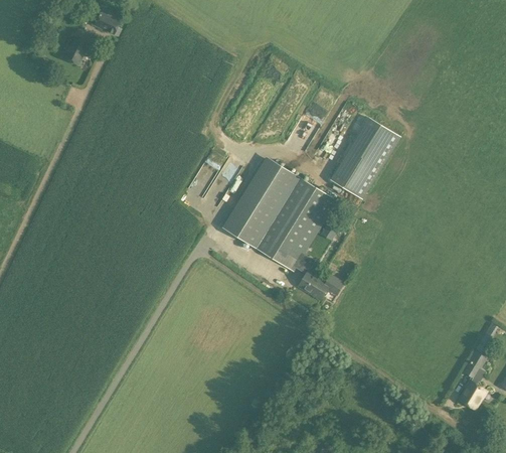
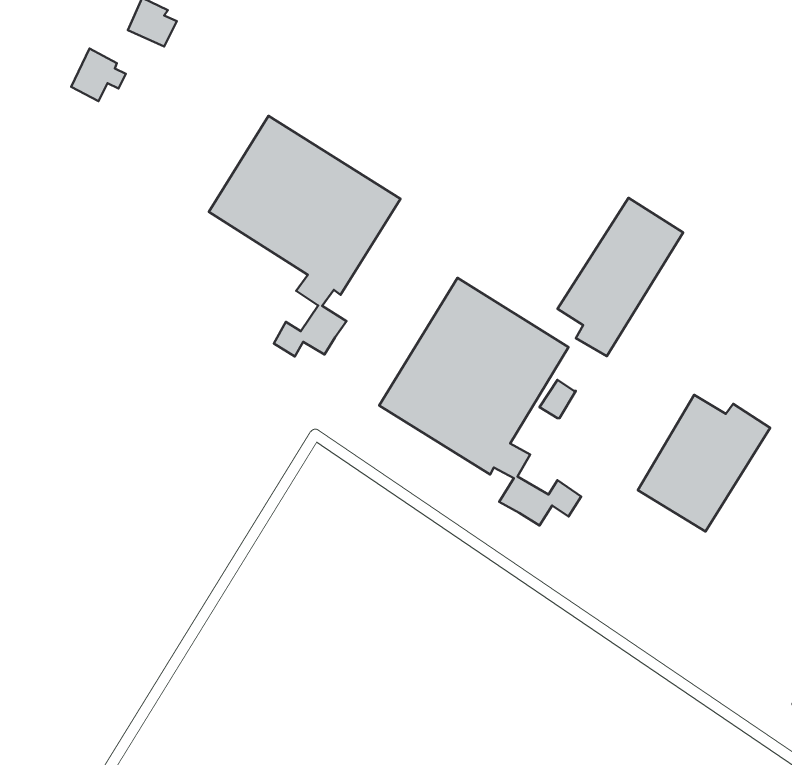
building: none -> [209,116,400,357]
building: none -> [638,395,770,532]

